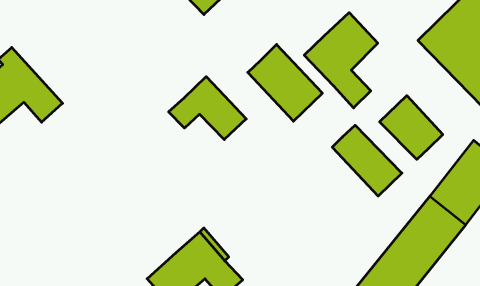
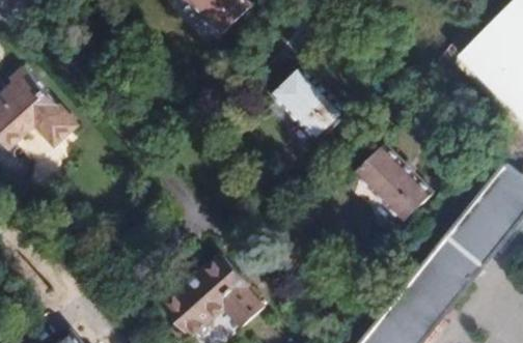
building: [304,13,378,108] -> none
building: [169,77,246,140] -> none
building: [380,96,443,159] -> none

